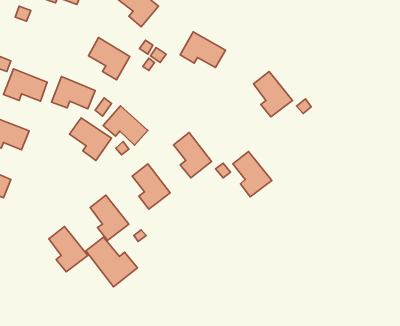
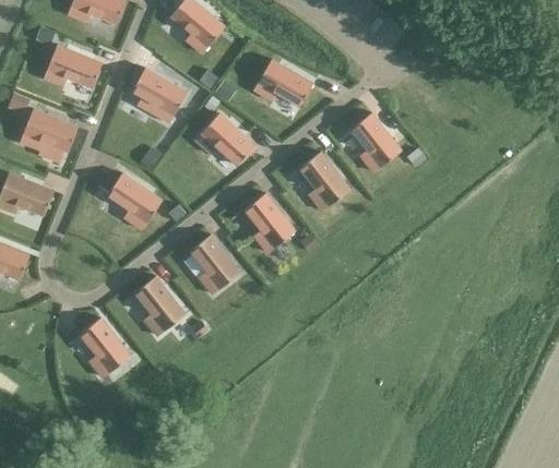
building: [52,77,95,109] -> [44,45,102,87]
building: [103,106,148,145] -> [195,113,254,166]
building: [233,152,272,197] -> [299,152,350,212]
building: [86,237,137,287] -> none

